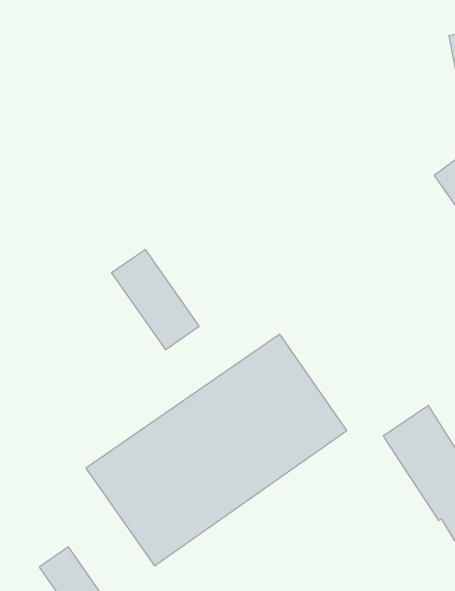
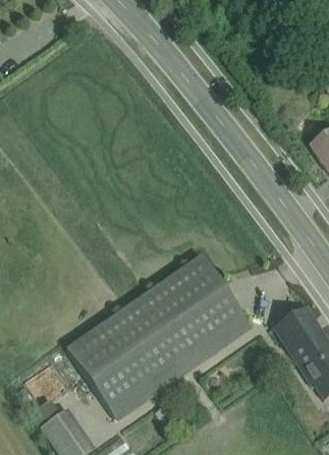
building: [112,249,199,350] -> none

